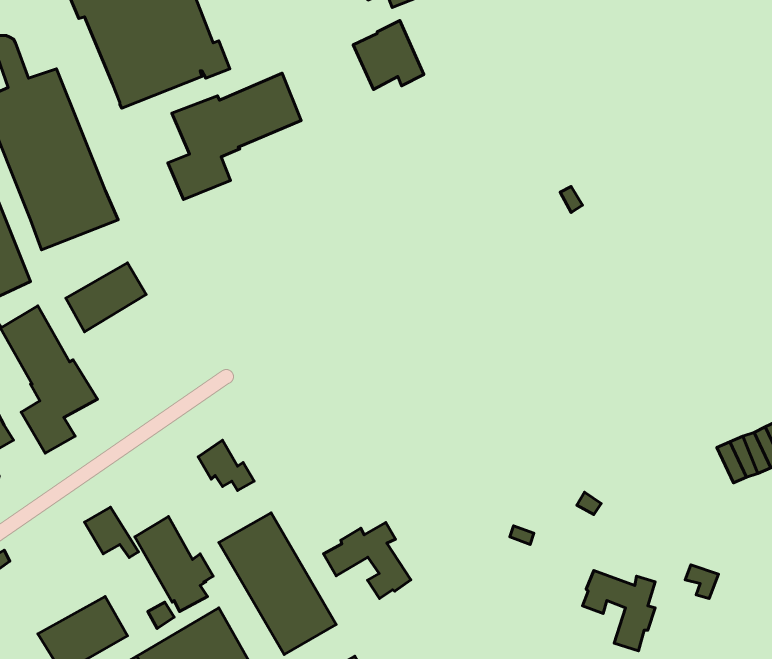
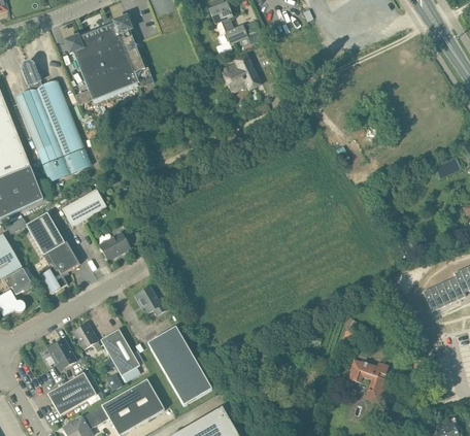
building: [168,73,301,199] -> none
building: none -> [98,231,130,260]
building: [323,522,411,598] -> none
building: none -> [46,338,76,369]

